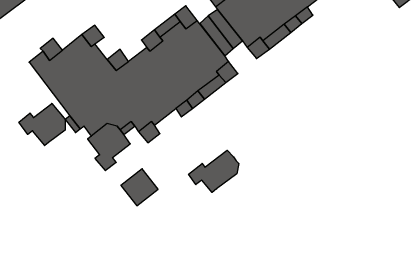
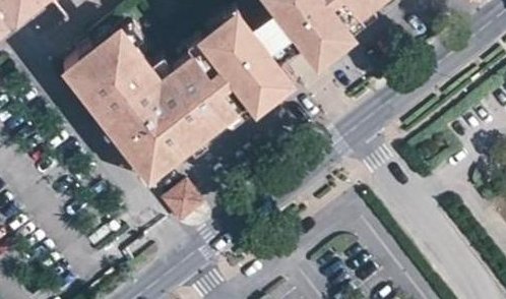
building: [19,103,65,146] -> none
building: [189,150,239,192] -> none

